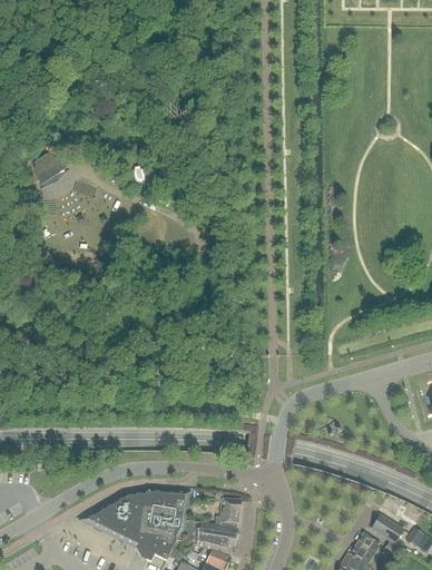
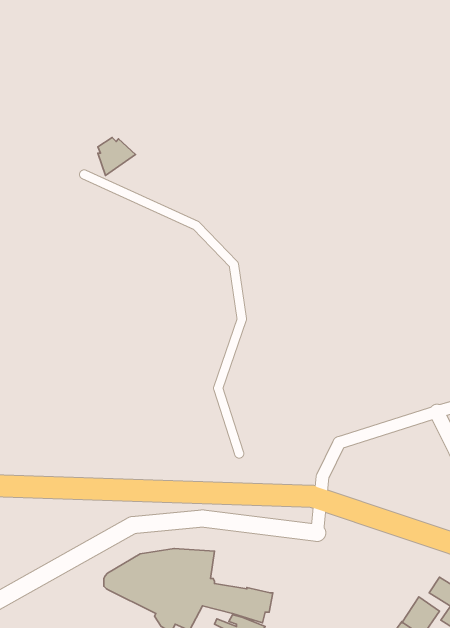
building: [35,154,67,186] -> [98,138,136,175]
building: [216,498,240,528] -> none

